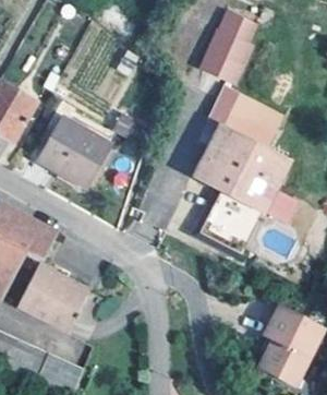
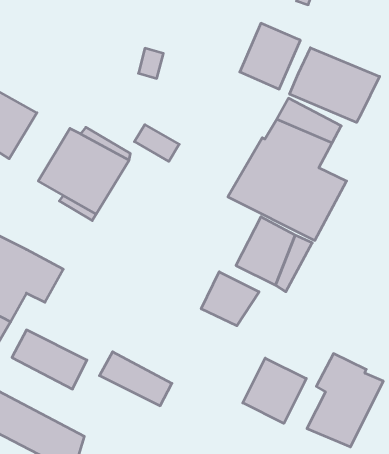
building: none -> [290,48,380,122]
building: none -> [201,272,259,326]
building: [26,263,86,308] -> [99,352,172,406]
building: none -> [243,358,306,423]

